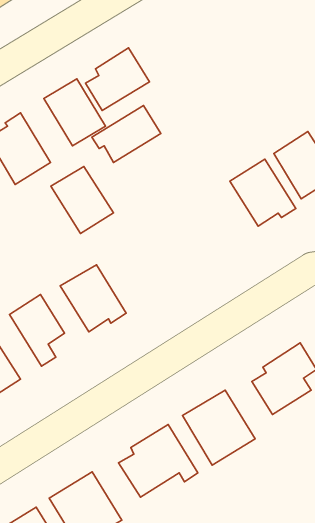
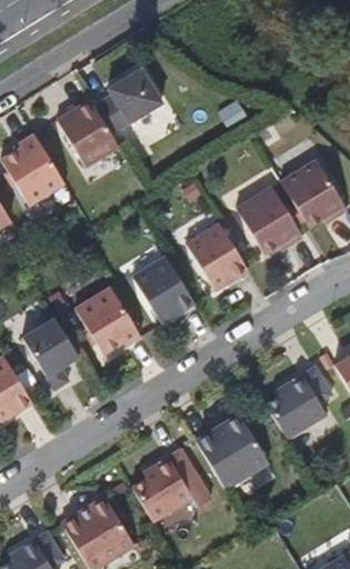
building: [92,105,161,162] -> none
building: [51,166,114,234] -> [131,257,194,325]
building: none -> [186,223,248,291]

